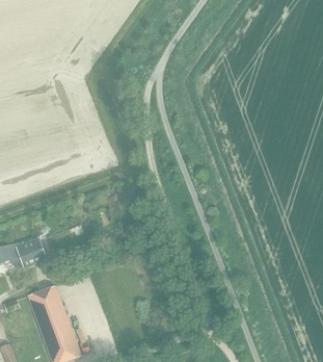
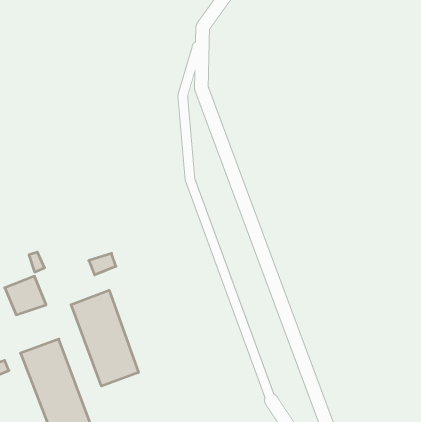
building: none -> [71,290,138,386]

